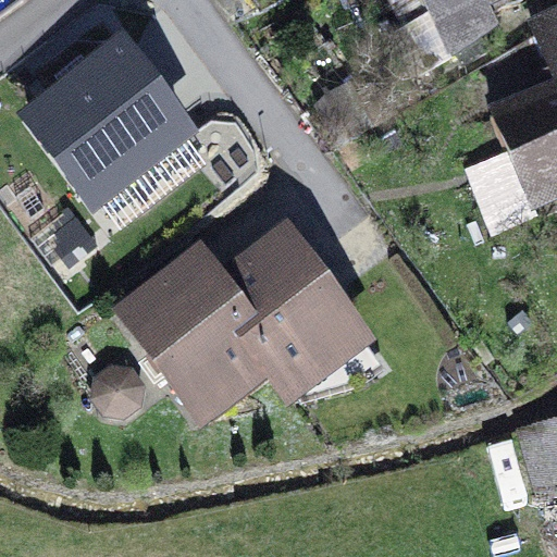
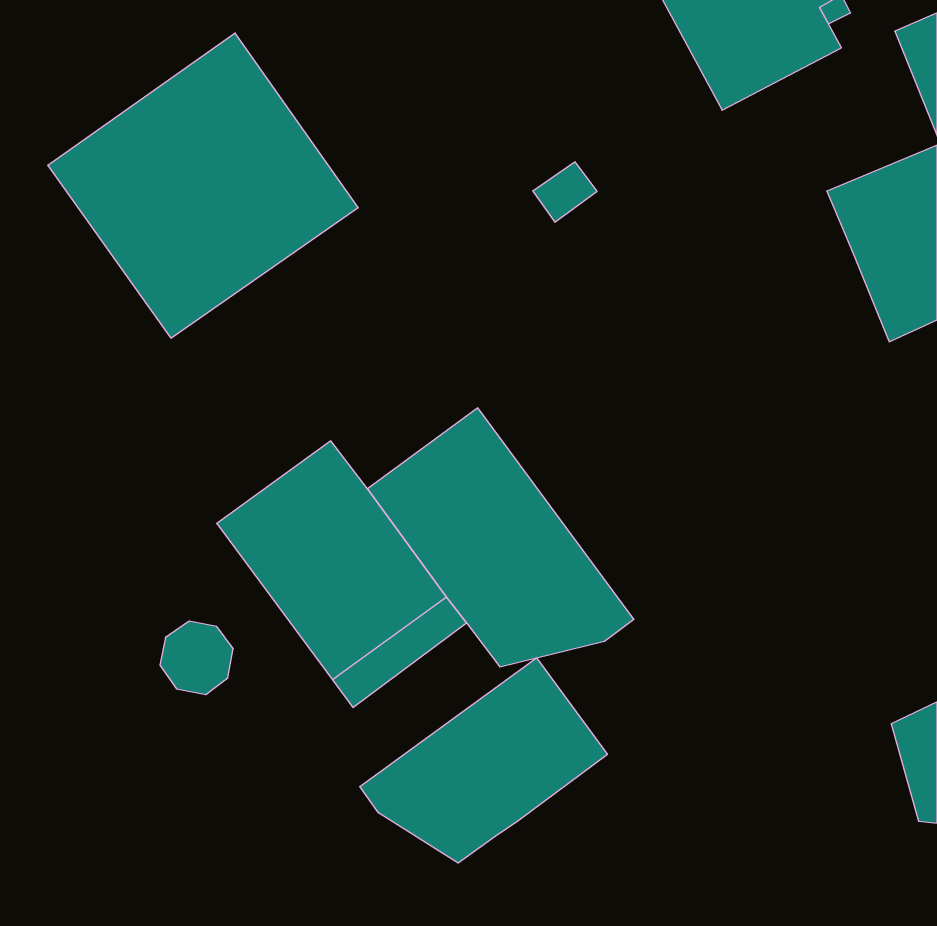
building: [458,149,531,234] -> none
building: none -> [360,658,607,863]

